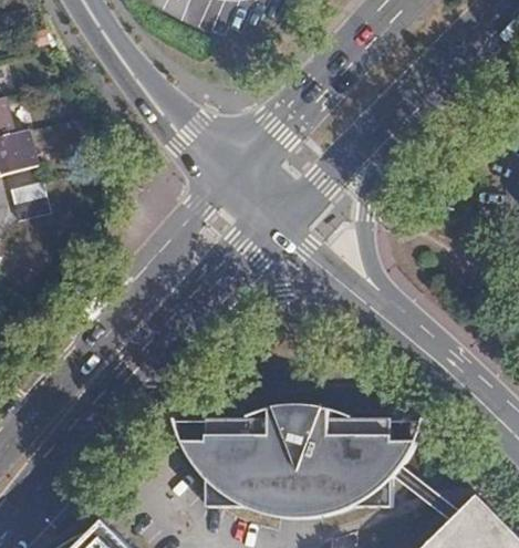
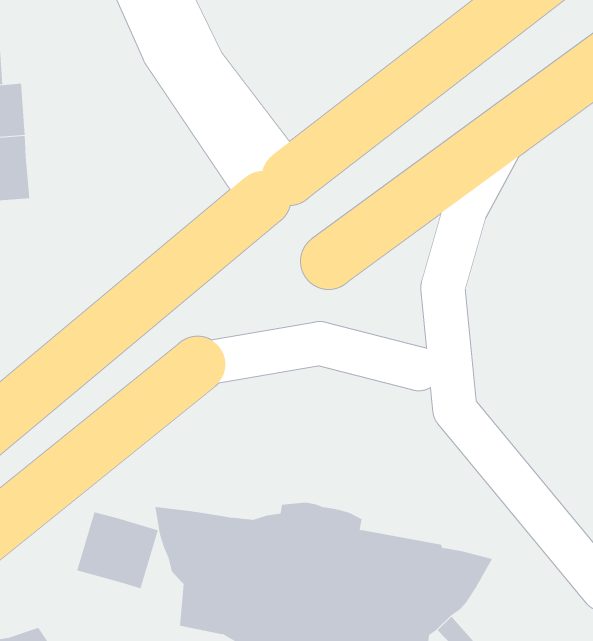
building: none -> [77,512,158,589]

